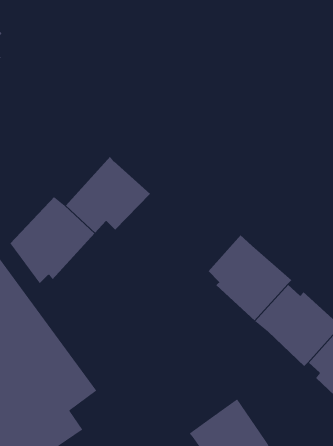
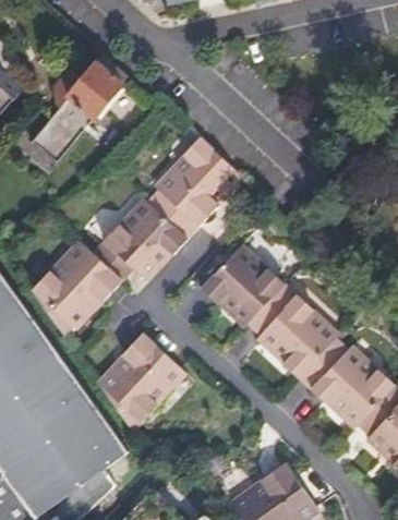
building: none -> [28,57,131,162]
building: none -> [146,135,244,238]
building: none -> [203,243,285,326]
building: none -> [96,329,190,432]

